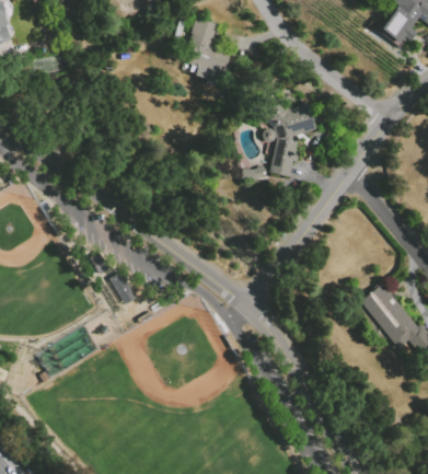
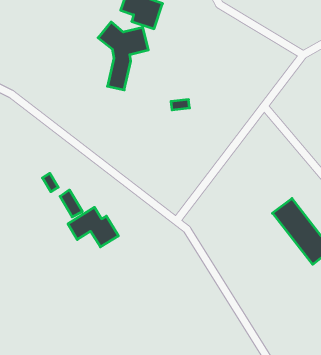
building: [258,96,317,176] -> [98,22,148,90]
building: none -> [68,207,118,247]

